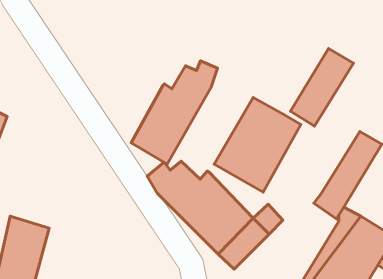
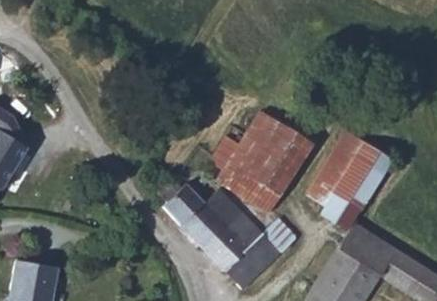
building: [291,48,354,126] -> [305,133,368,211]
building: [131,61,217,164] -> none

